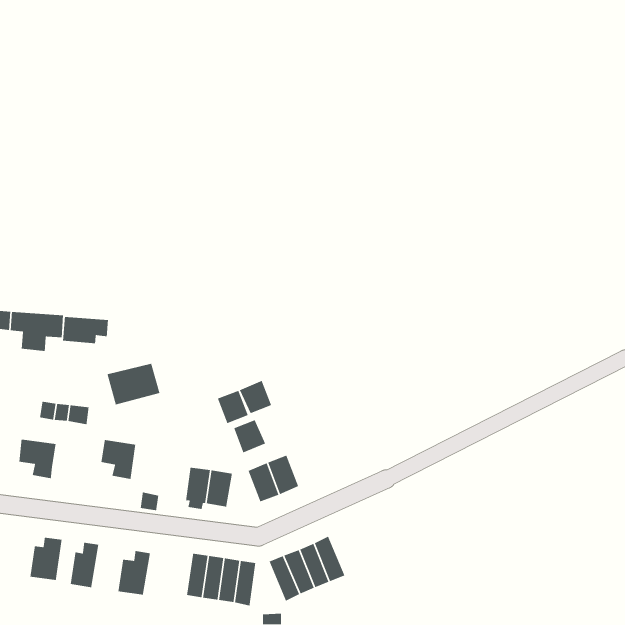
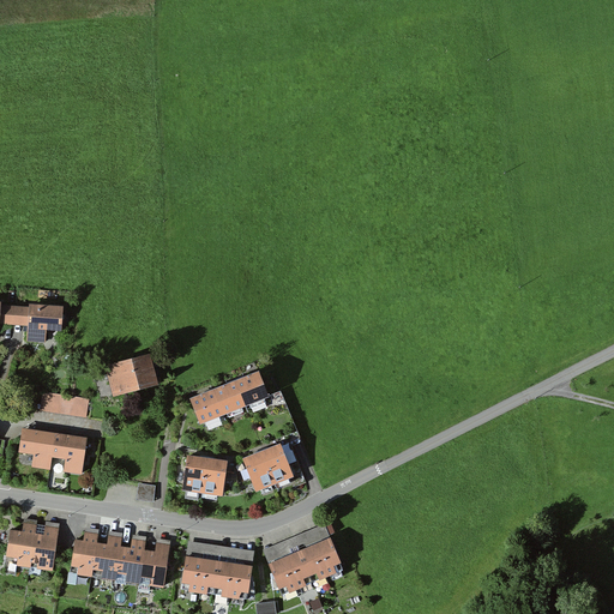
building: [62,316,109,344] -> none
building: [233,419,266,454] -> [189,391,222,425]
building: [101,439,136,480] -> [52,434,86,474]
building: none -> [5,522,36,565]
building: none -> [90,535,122,579]
building: none -> [140,542,173,588]

